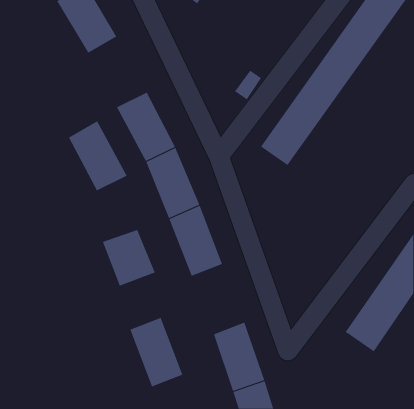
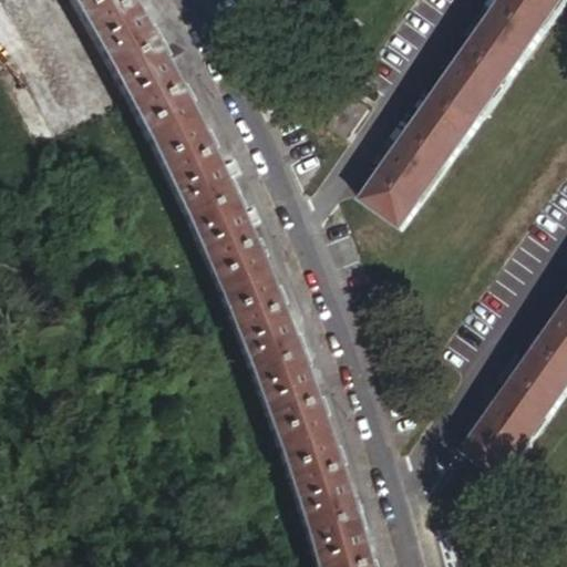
building: [68,121,127,191] -> [120,50,200,146]
building: [102,229,156,286] -> none
building: [130,317,183,387] -> [260,360,333,455]

